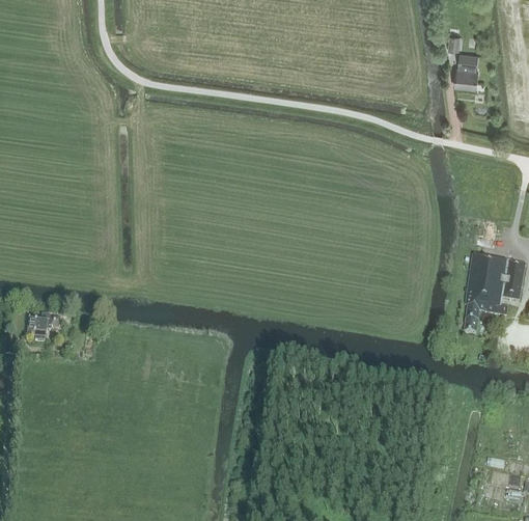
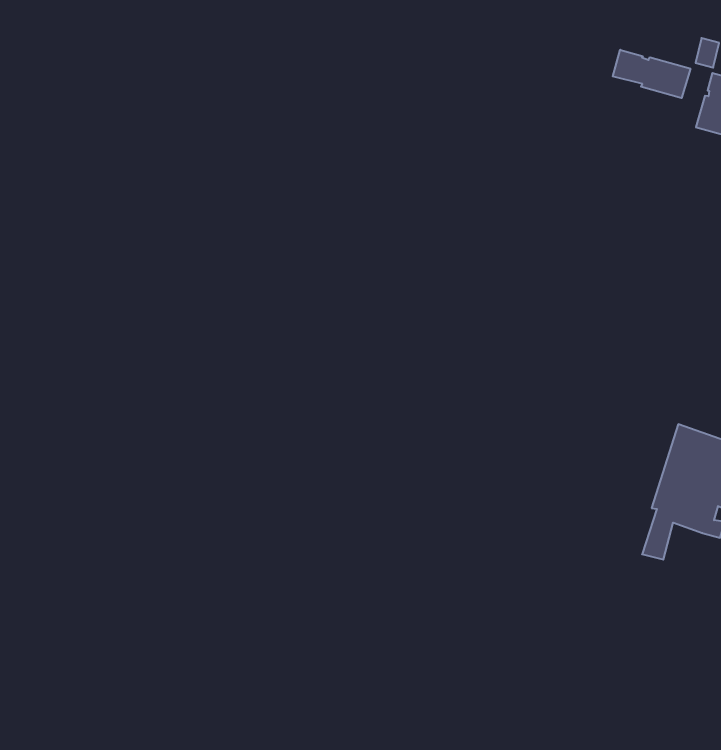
building: none -> [613,50,690,98]

